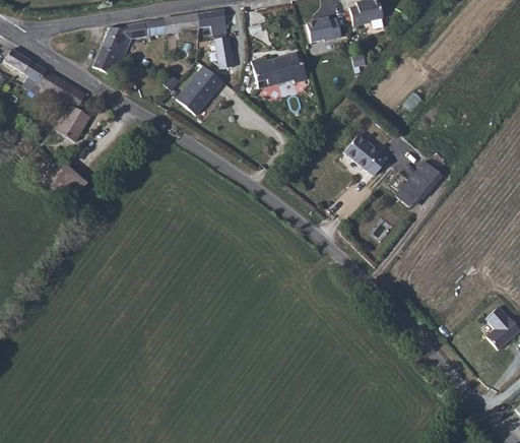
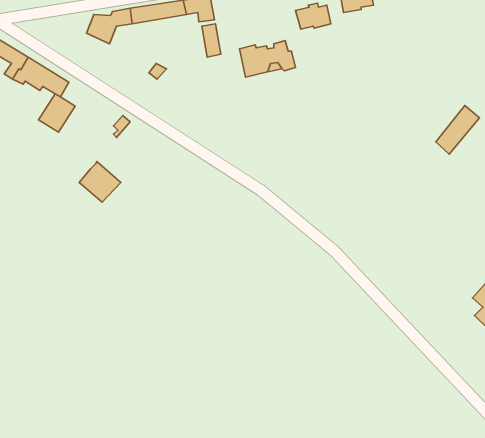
building: [93,46,125,73] -> none
building: [177,65,223,115] -> none
building: [344,134,388,176] -> none
building: [396,160,439,207] -> [436,105,479,154]
building: [47,162,87,201] -> [79,162,121,202]

